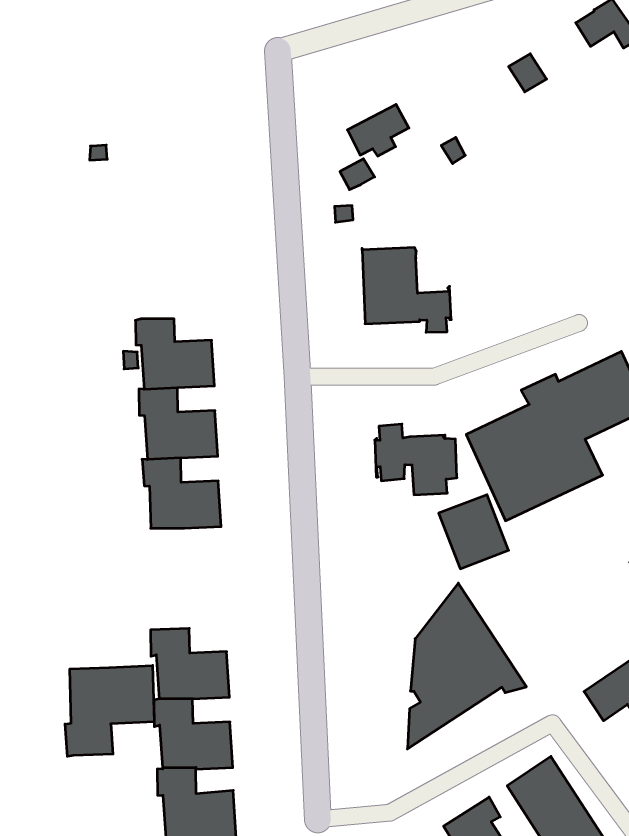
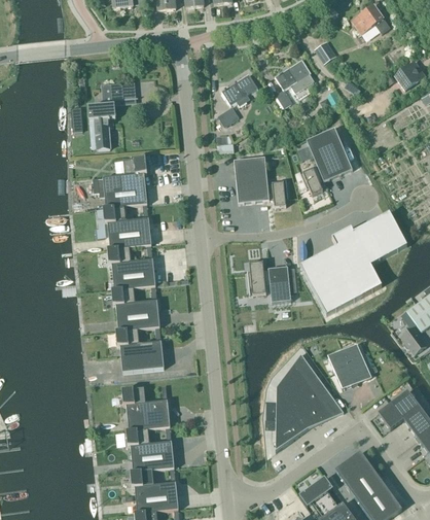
building: none -> [275,58,314,92]
building: none -> [87,81,136,148]
building: none -> [298,128,353,195]
building: none -> [93,158,147,207]
building: [439,495,509,569] -> [328,344,370,388]
building: none -> [115,328,164,372]
building: [65,665,154,756] -> none

